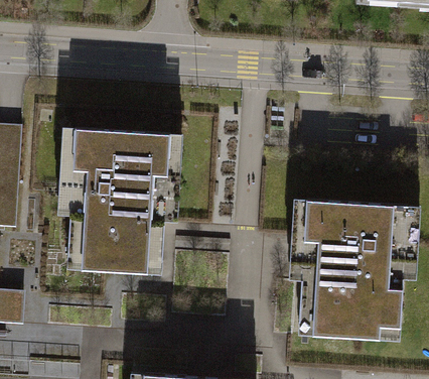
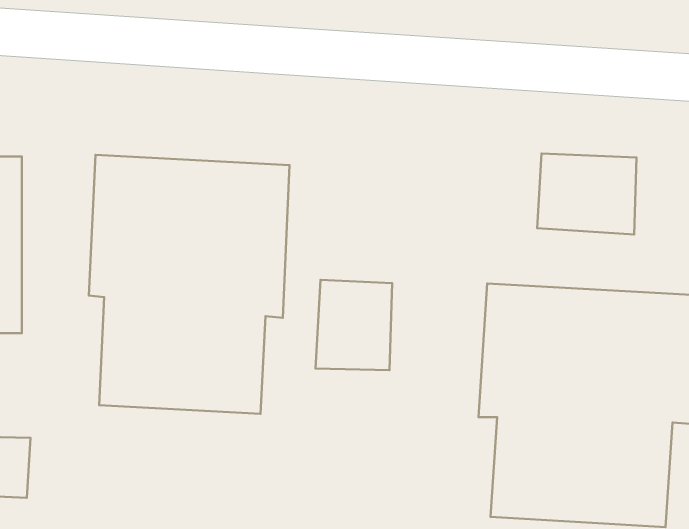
building: none -> [537,154,637,235]
building: none -> [315,280,392,370]

